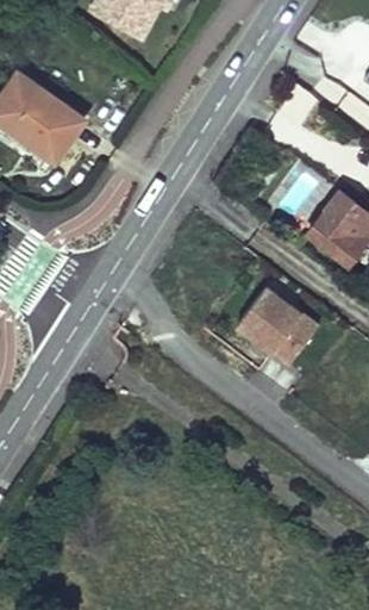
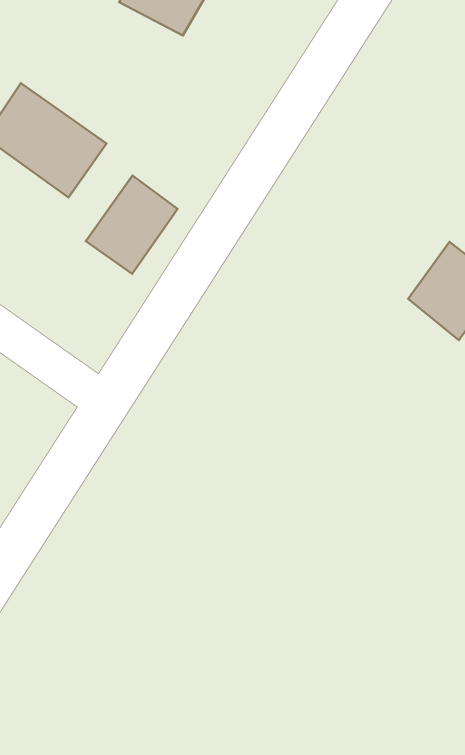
building: none -> [86,176,177,274]
building: [236,282,321,365] -> none

